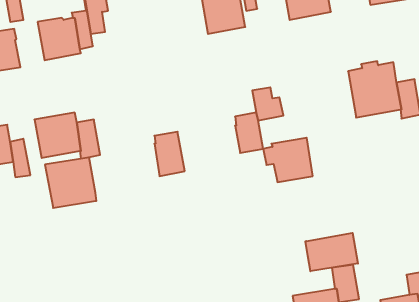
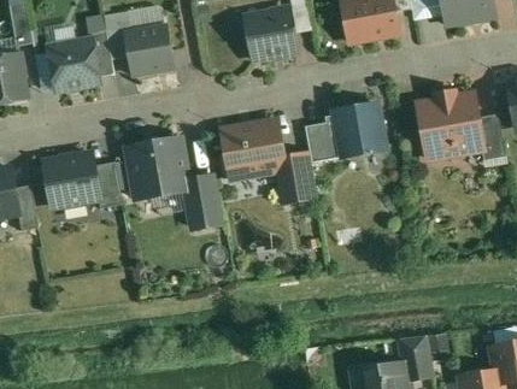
building: none -> [124,25,174,76]
building: none -> [222,120,284,178]
building: [263,138,313,182] -> [324,104,383,157]
building: [45,158,96,208] -> [127,138,188,199]
building: [305,233,358,271] -> none

